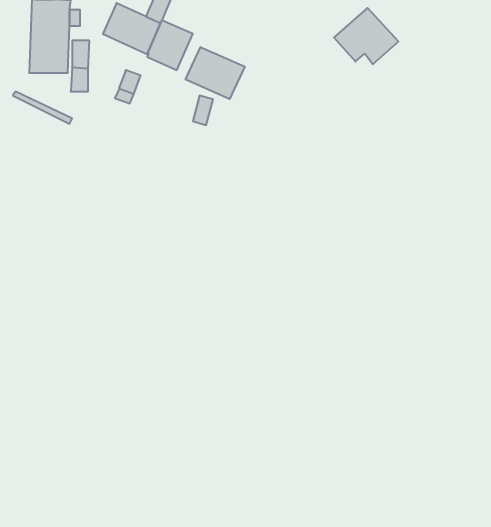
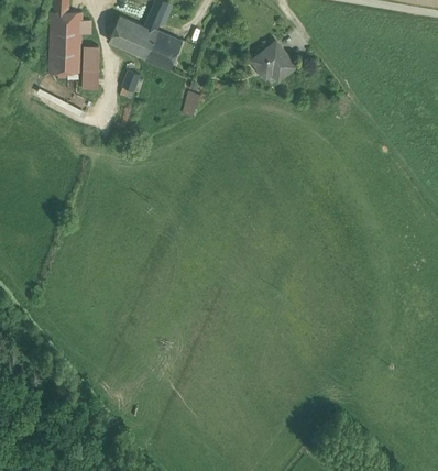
building: [334,8,398,64] -> [251,37,304,84]
building: [186,47,245,99] -> none

